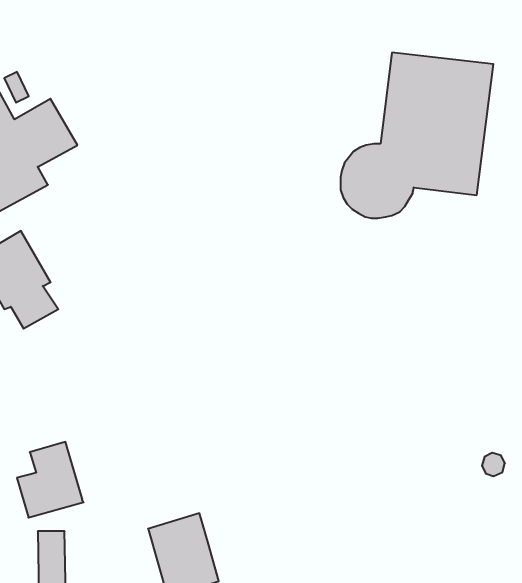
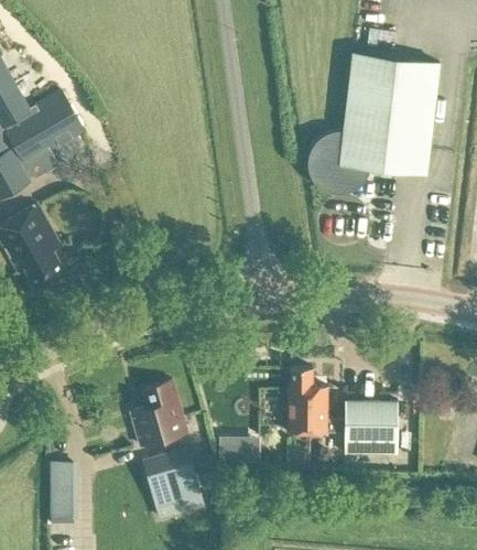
building: none -> [288,368,399,455]
building: [17,442,84,518] -> [131,381,188,446]
building: none -> [219,436,250,462]

